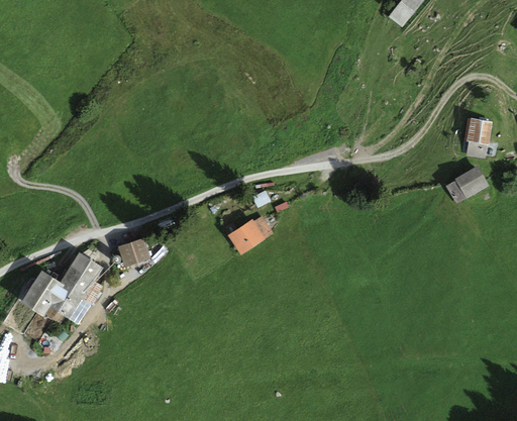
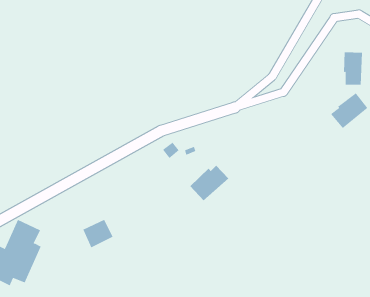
building: [227,216,273,254] -> [189,165,229,201]
building: [117,237,150,268] -> [83,219,114,248]

